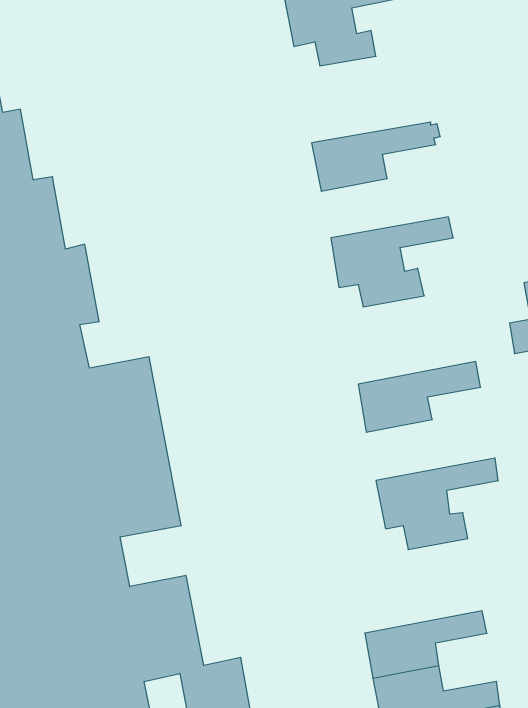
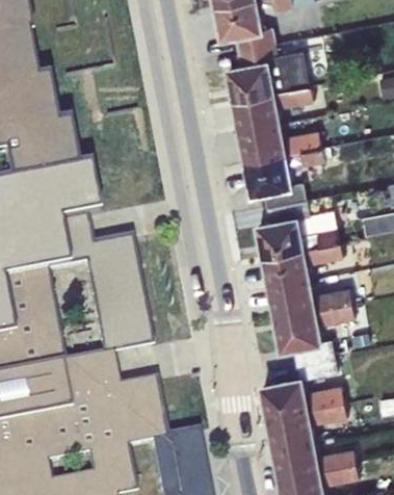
building: none -> [227,43,310,99]
building: none -> [239,122,321,160]
building: none -> [257,198,339,255]
building: none -> [268,278,351,317]
building: none -> [261,355,343,416]

